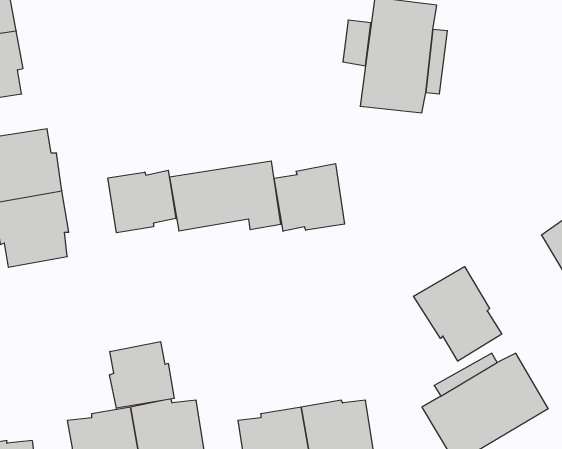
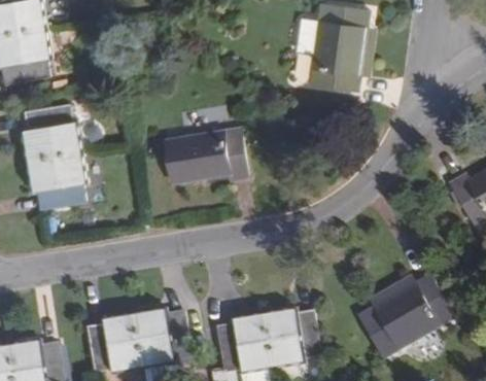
building: [274,164,345,231] -> none
building: [108,170,176,233] -> none
building: [414,267,502,361] -> none
building: [110,342,174,408] -> none

